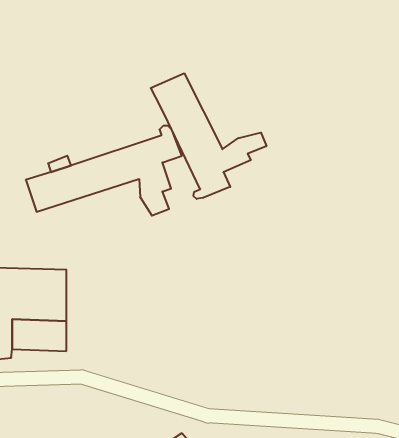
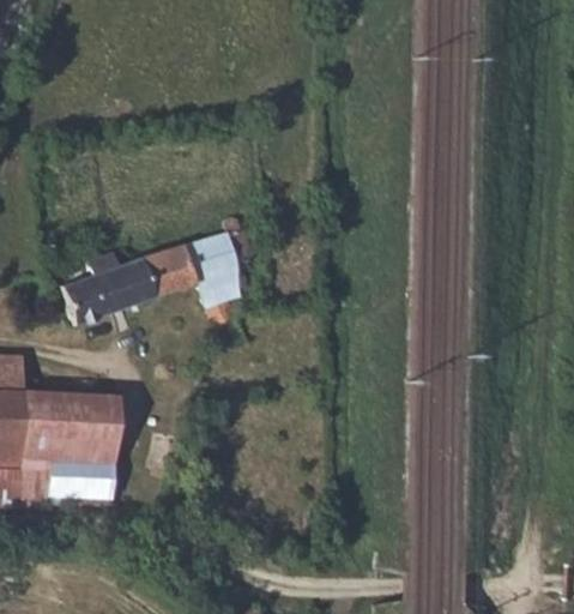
building: [151,73,266,199] -> none

